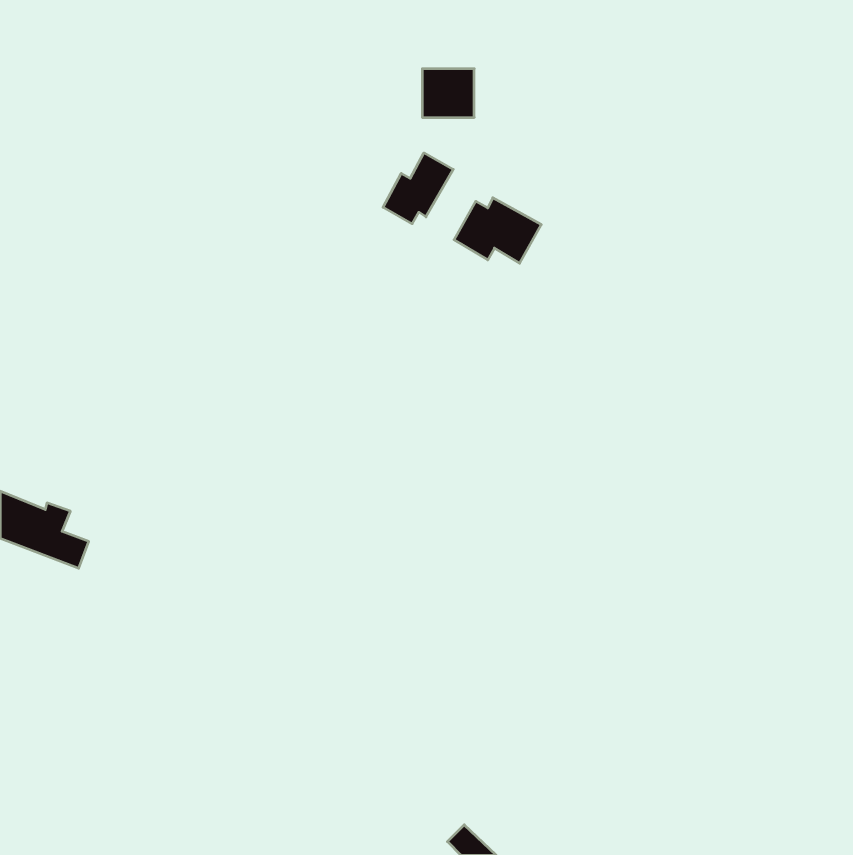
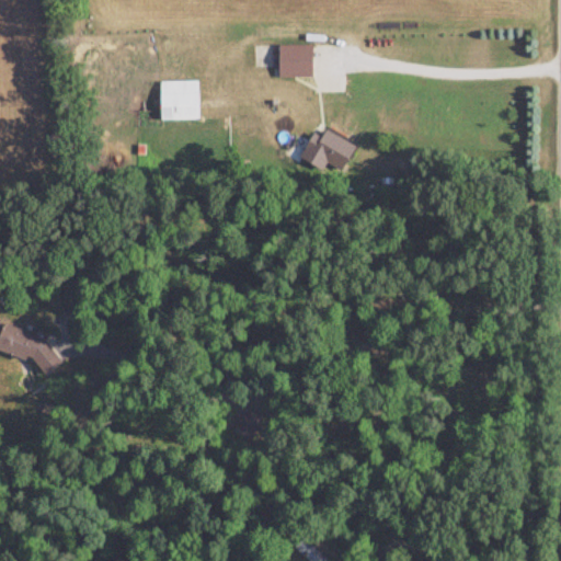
building: none -> [160,81,198,119]
building: [383,153,453,224] -> none

